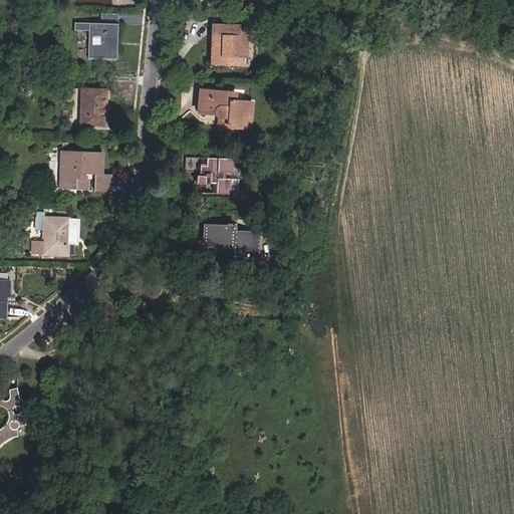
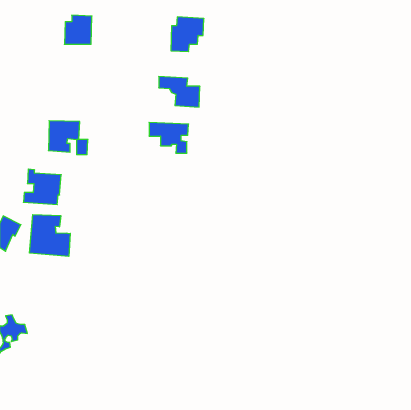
building: [77,89,102,124] -> none
building: [206,226,262,265] -> none
building: none -> [30,215,70,256]

